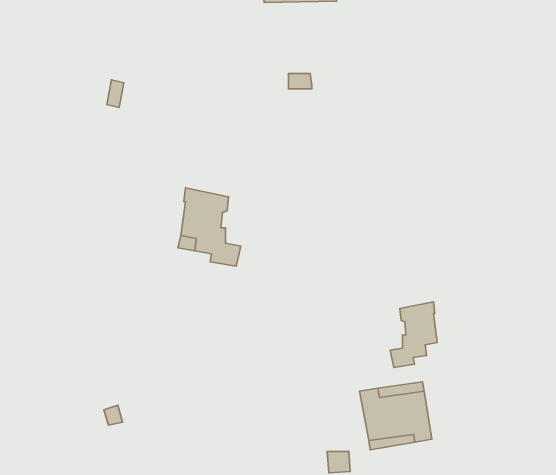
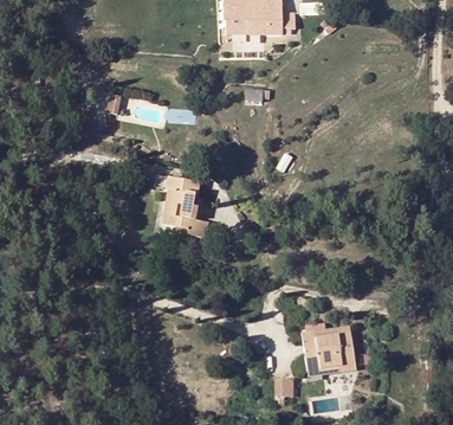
building: [390,302,437,367] -> none

